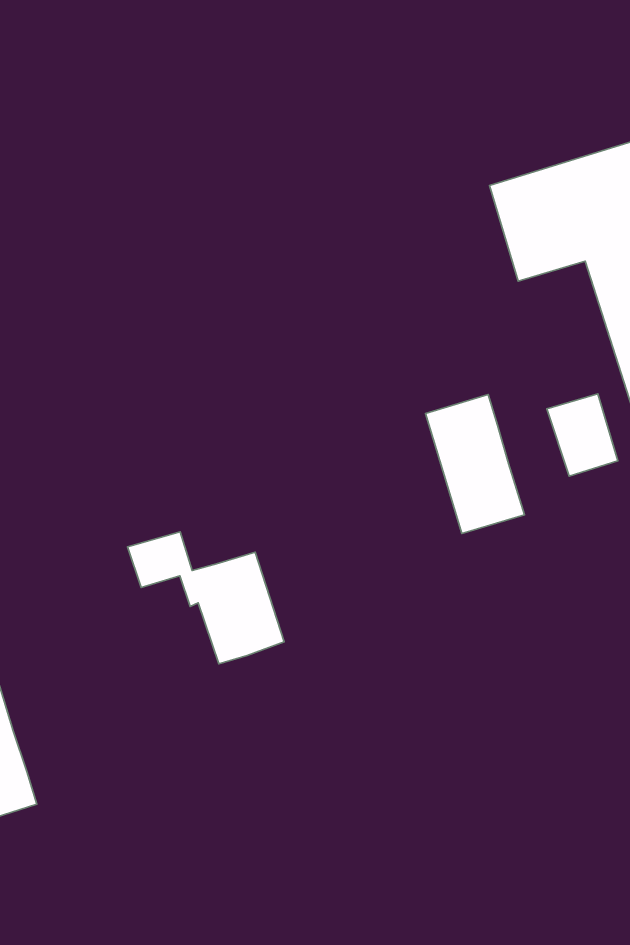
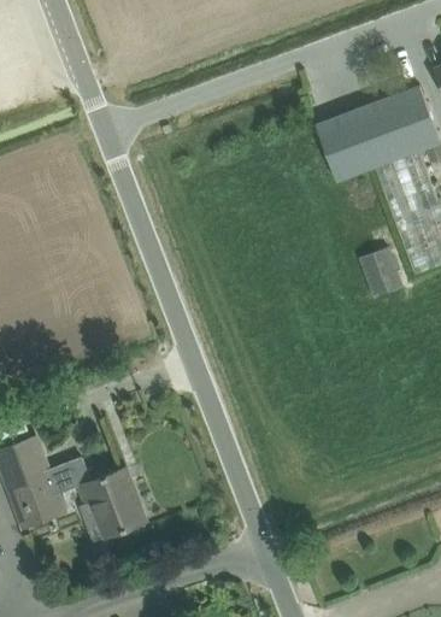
building: [426,395,524,534] -> none
building: [127,532,284,664] -> [47,458,145,536]

